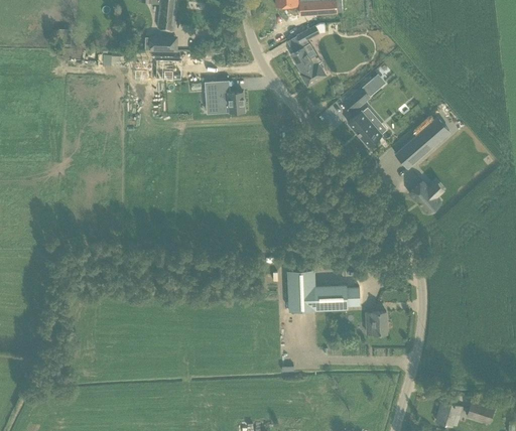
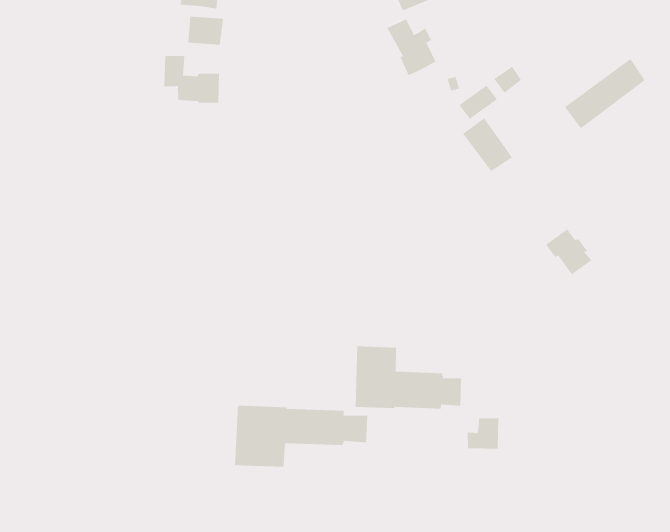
building: [205,81,244,112] -> [163,56,220,103]
building: [395,117,448,167] -> [564,58,645,129]
building: none -> [234,405,368,468]

